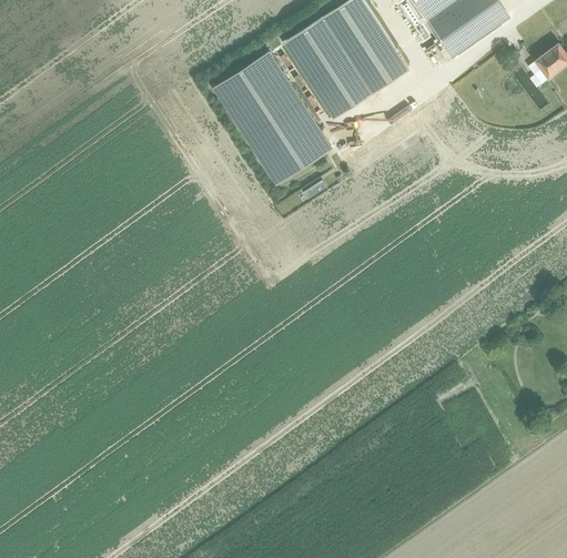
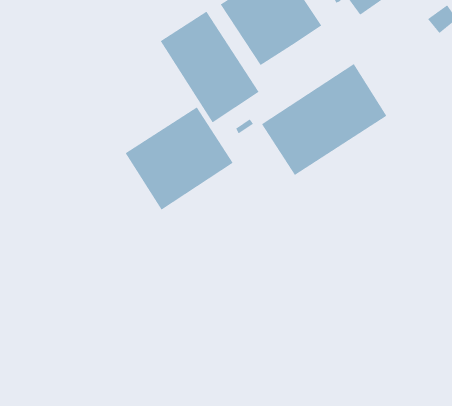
building: none -> [261,63,387,176]
building: none -> [125,106,234,210]

